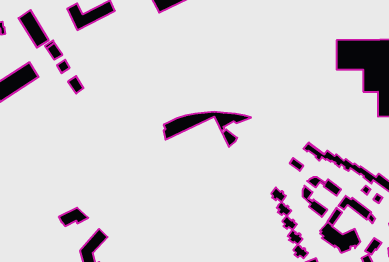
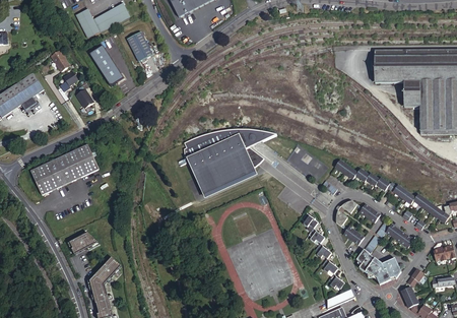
building: [18,10,49,48] -> [89,45,123,86]
building: none -> [126,31,152,62]
building: none -> [187,133,256,195]
building: none -> [28,146,96,195]

